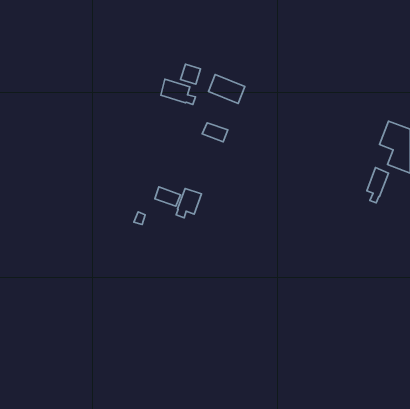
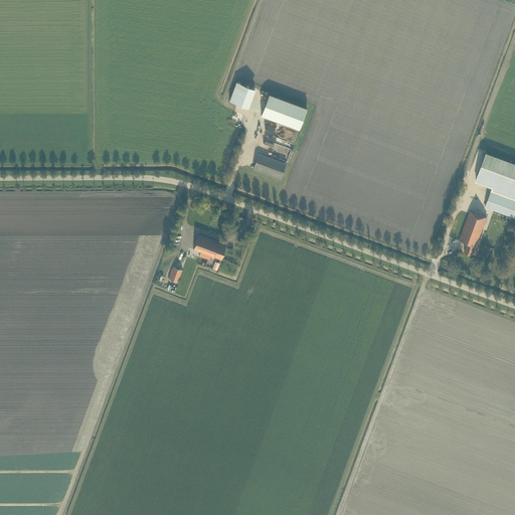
building: [161,79,195,104] -> none
building: [176,188,202,218] -> none

